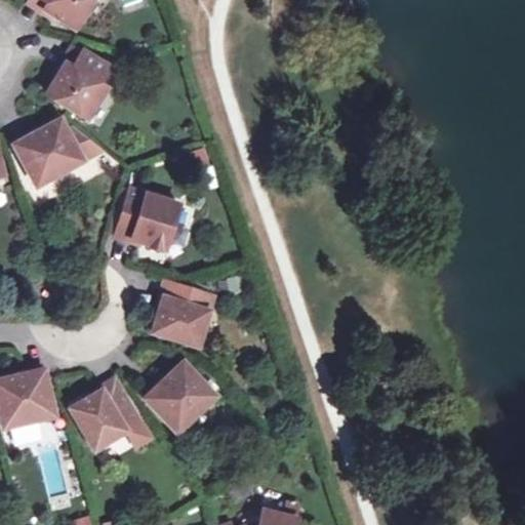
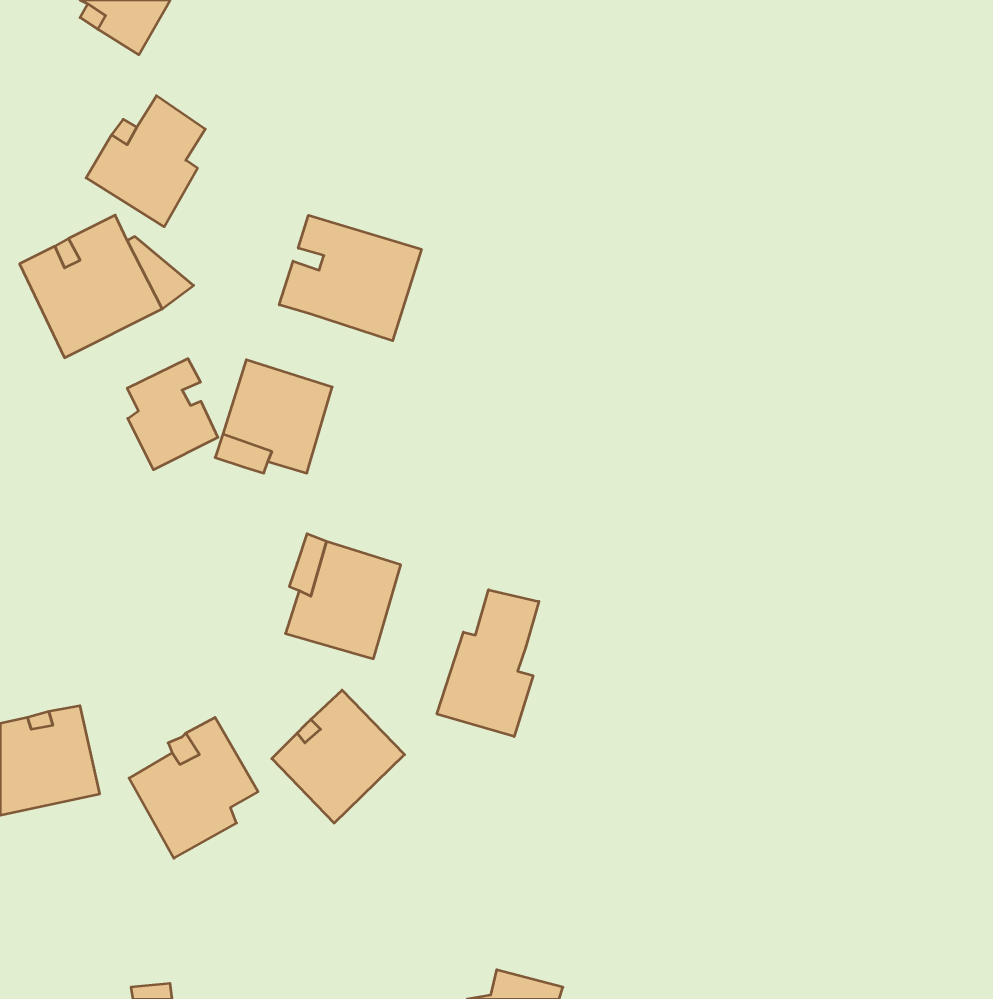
building: none -> [279,215,421,341]
building: none -> [127,359,218,470]
building: none -> [437,590,539,737]

